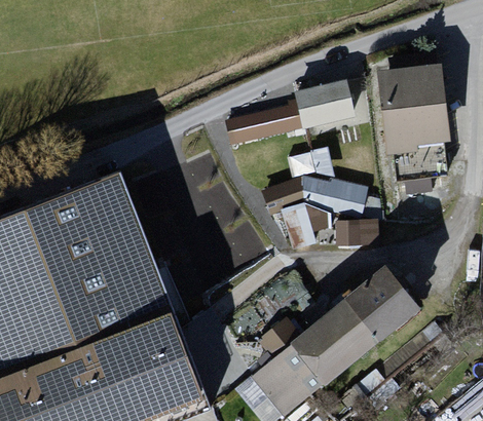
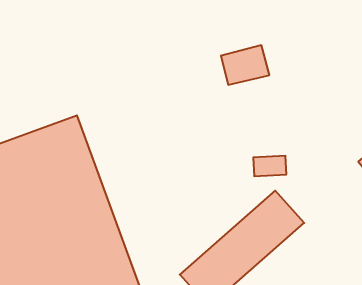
building: [379,66,452,151] -> none
building: [231,103,307,147] -> none
building: [269,147,375,253] -> none

